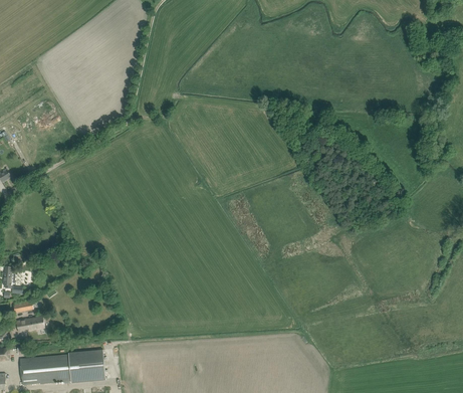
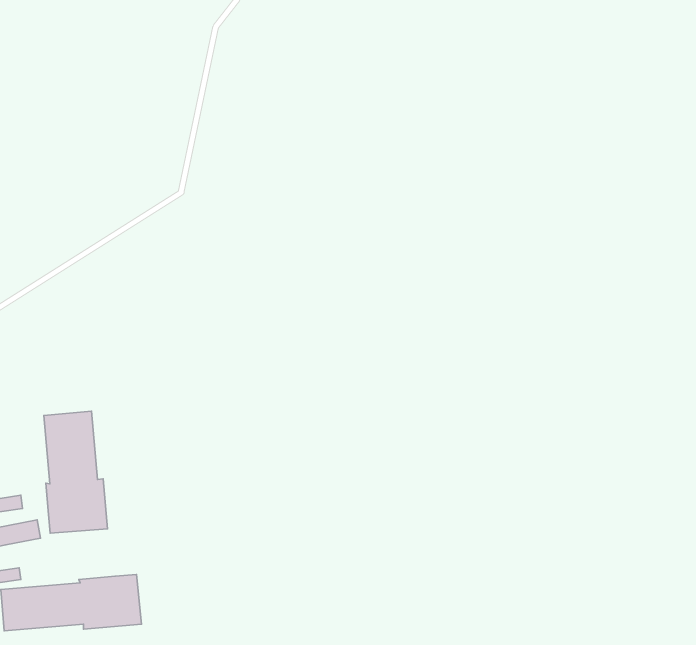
building: none -> [44,411,107,533]

